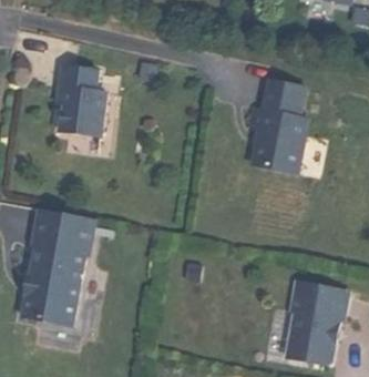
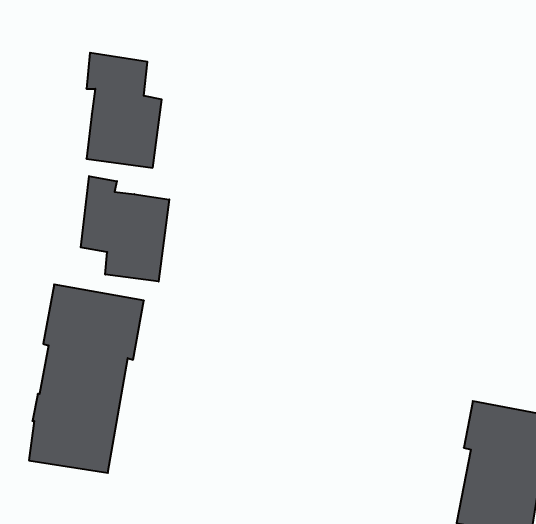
building: [247,80,306,173] -> none
building: none -> [81,176,169,282]

